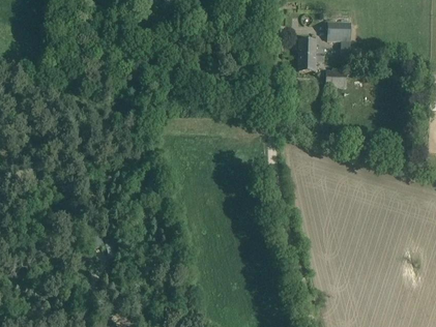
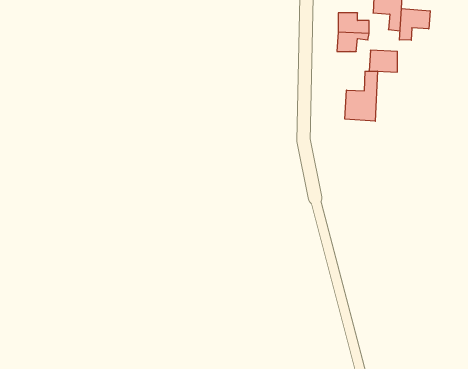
building: none -> [399,8,430,40]
building: none -> [345,71,377,121]

